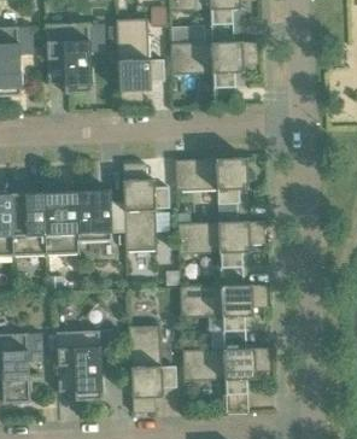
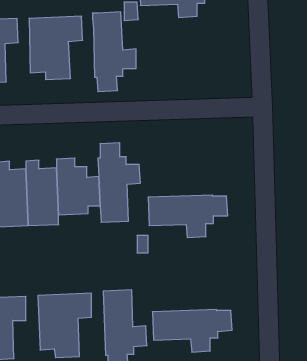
building: [170,41,258,88] -> none
building: [175,157,247,204] -> none
building: [180,283,268,349] -> none

